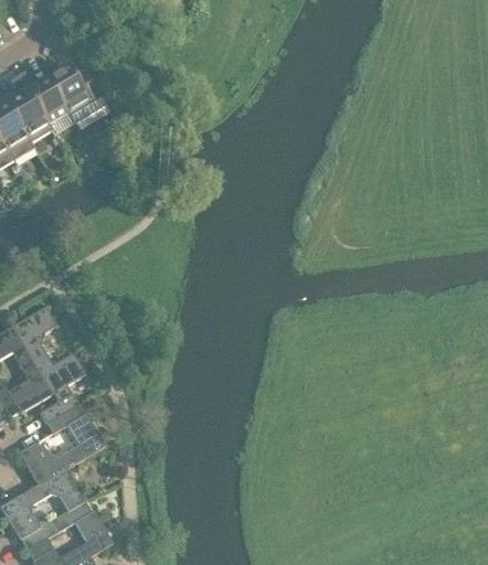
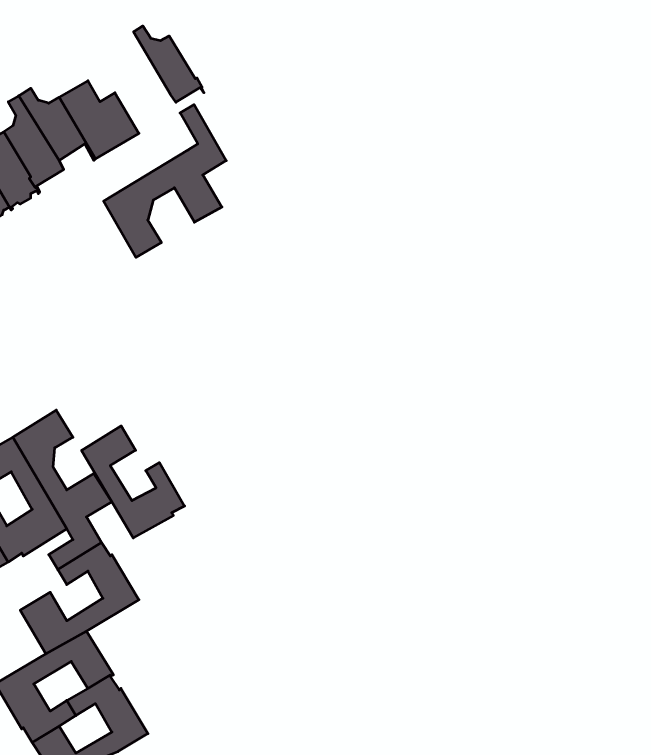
building: none -> [134,26,204,102]
building: none -> [104,105,226,257]
building: none -> [82,426,185,538]

